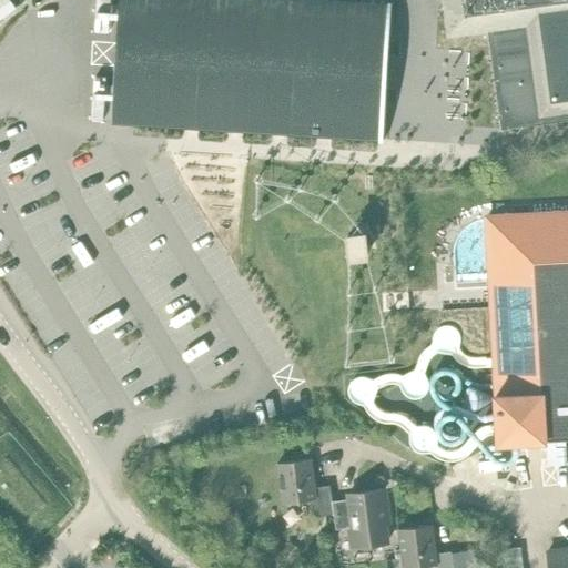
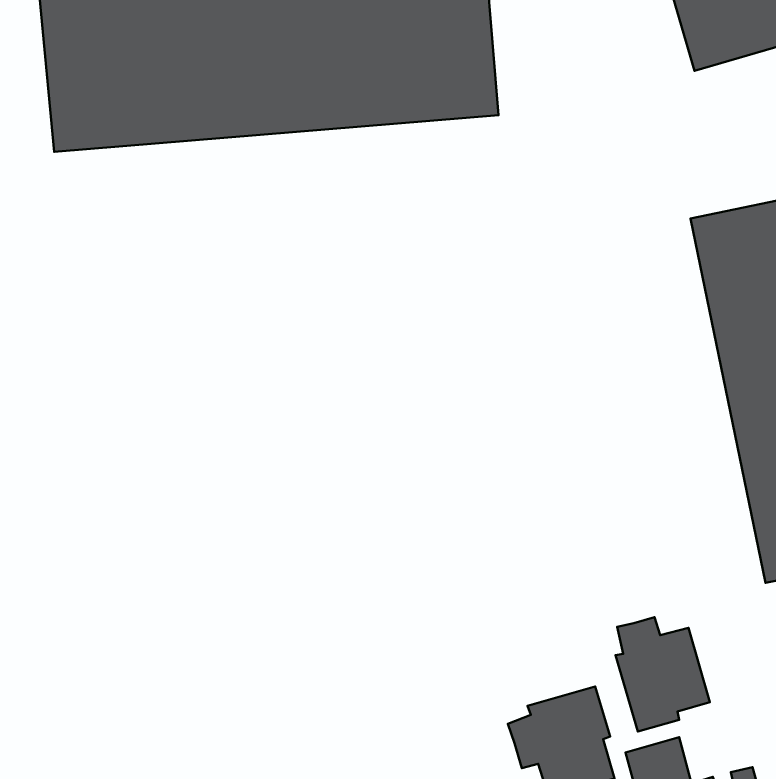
building: none -> [615,617,710,731]
building: [276,457,334,516] -> none

